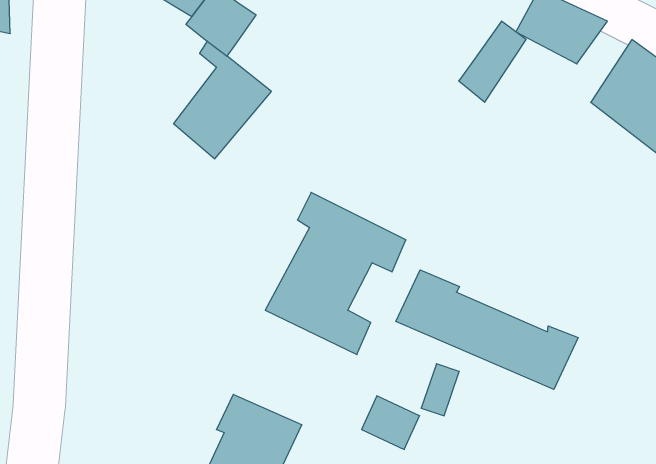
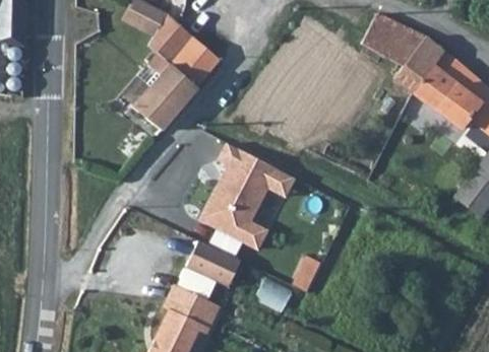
building: none -> [170,30,220,81]
building: [459,21,526,102] -> [394,34,439,88]
building: [396,270,578,389] -> none
building: none -> [189,242,243,290]

